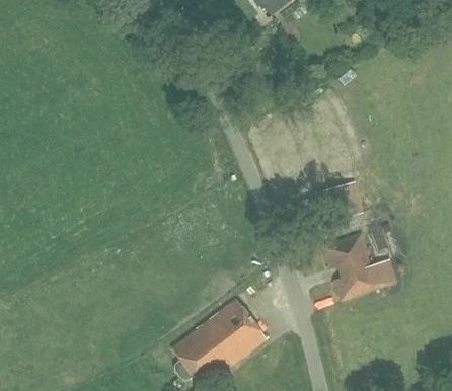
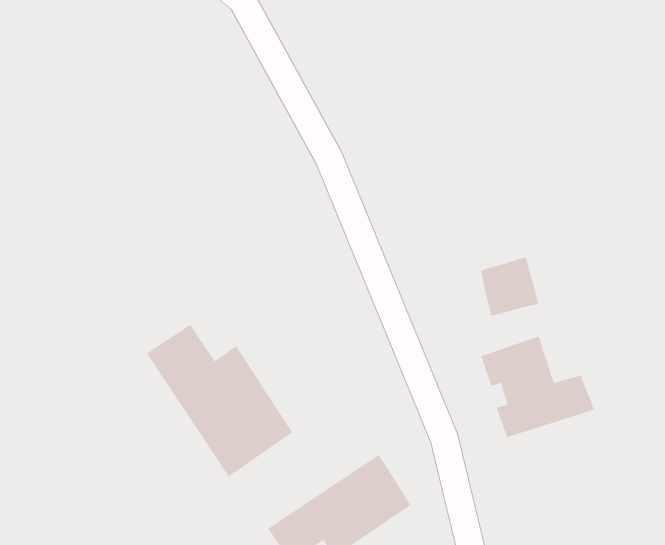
building: none -> [146,324,293,477]

